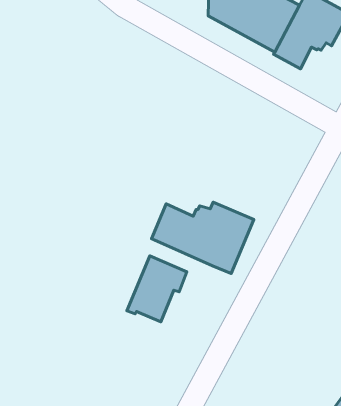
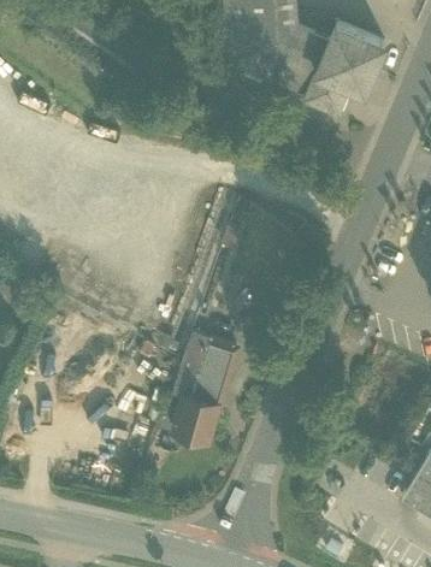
building: [151,202,254,274] -> none
building: none -> [175,395,218,442]

